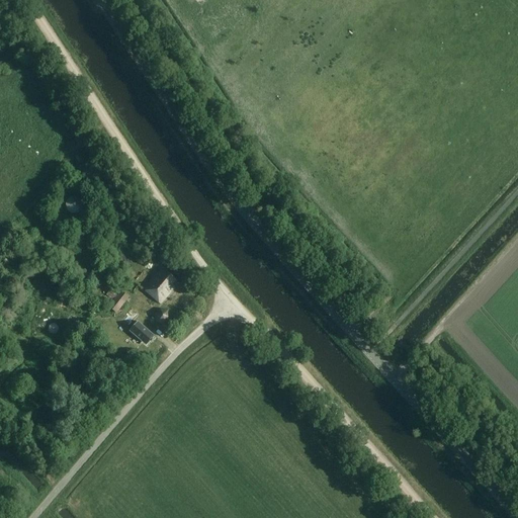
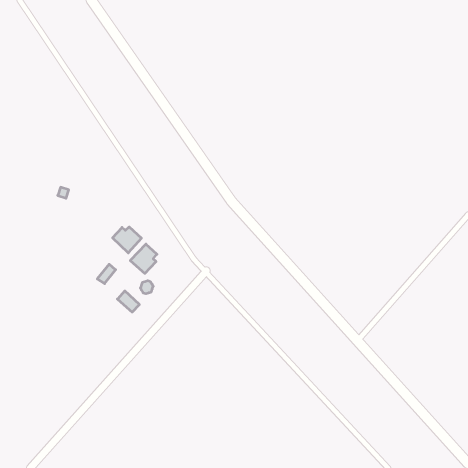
building: none -> [113,227,141,253]

